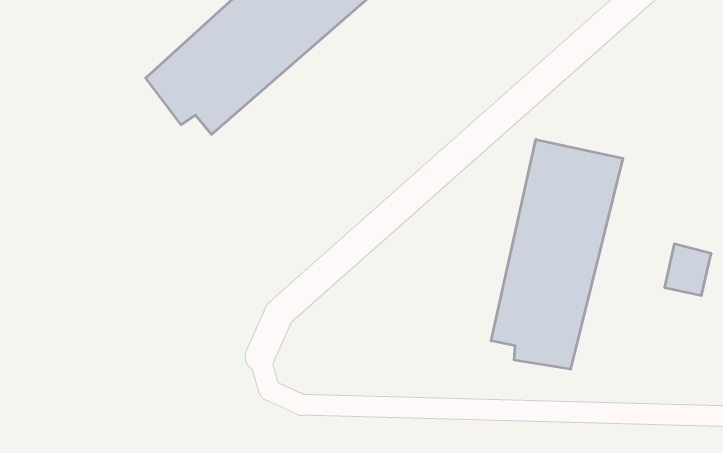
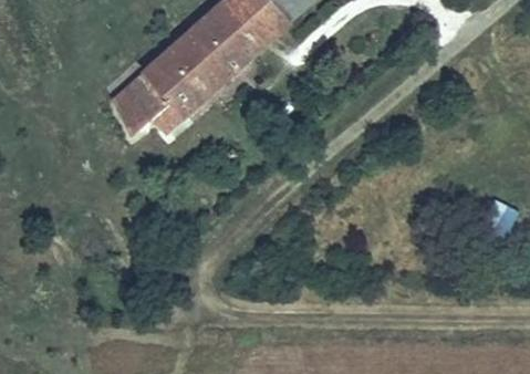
building: [491,139,623,369] -> none

